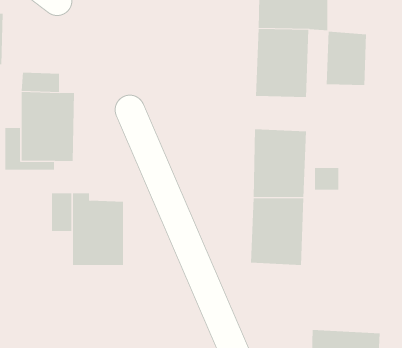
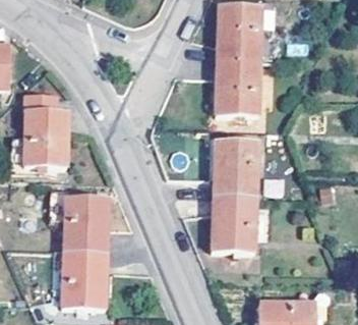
building: [326,31,367,86] -> none
building: none -> [65,250,108,306]

